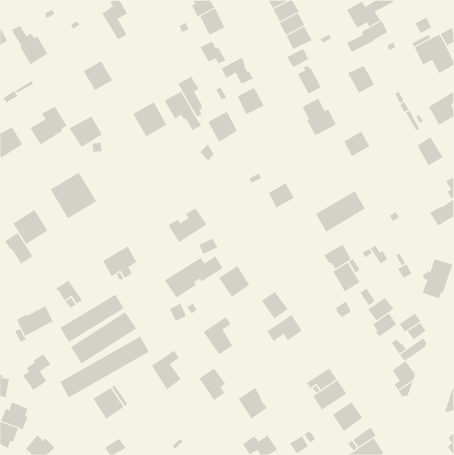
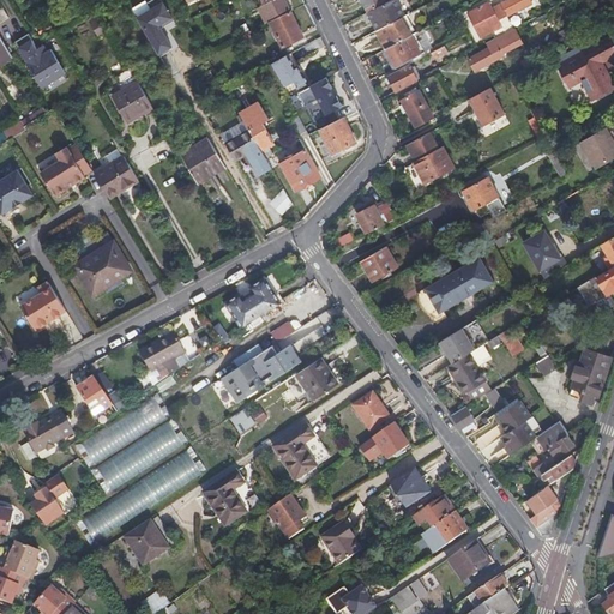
building: [417,137,443,166] -> [524,230,560,270]
building: none -> [356,200,396,234]
building: [5,232,33,265] -> none
building: none -> [391,470,428,507]

